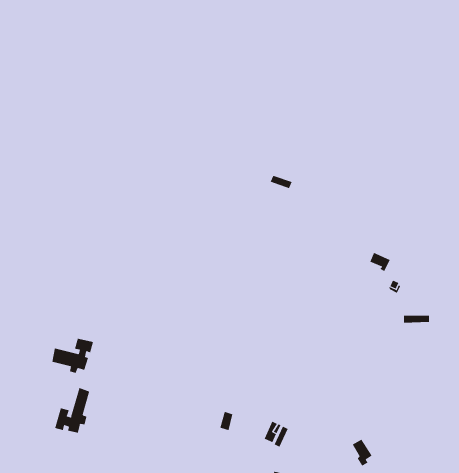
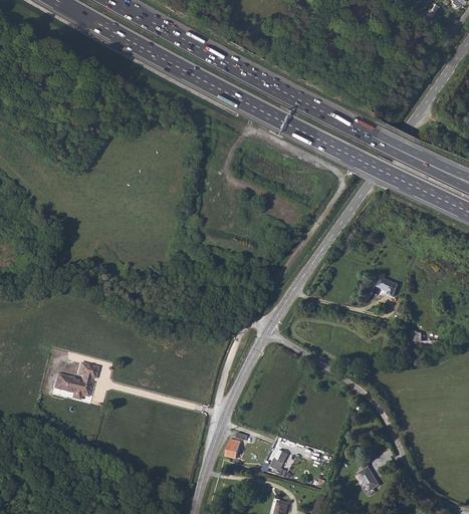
building: [54,387,90,433] -> none

